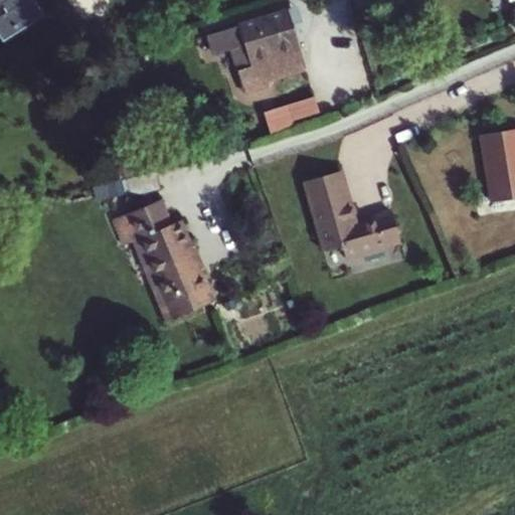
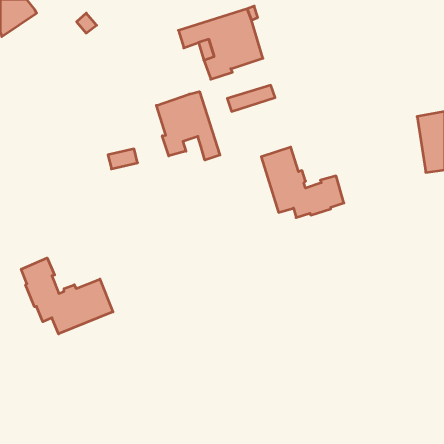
building: none -> [156,92,220,160]
building: [114,199,212,320] -> none
building: none -> [21,258,113,334]

